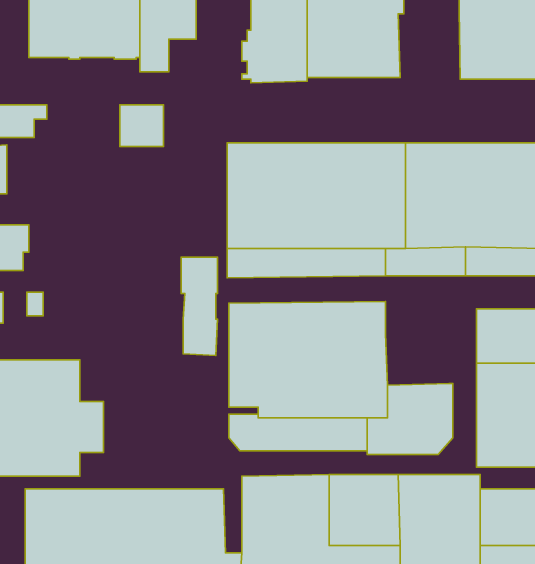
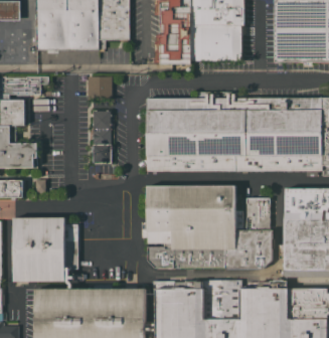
building: [181,257,218,356] -> [91,109,111,163]
building: none -> [233,197,269,230]

